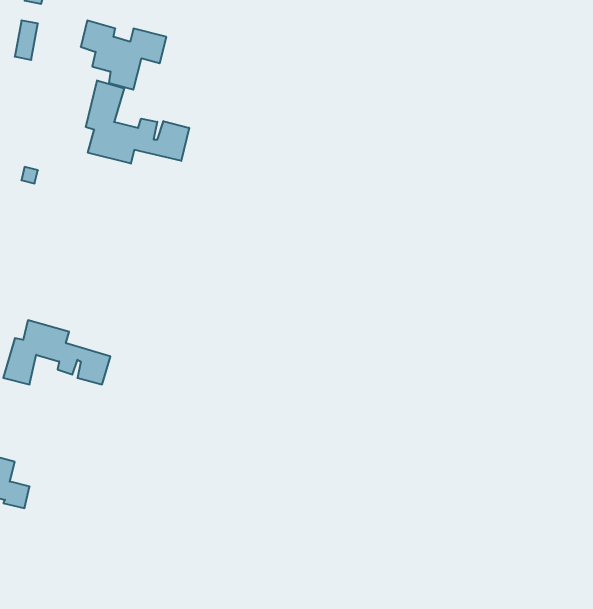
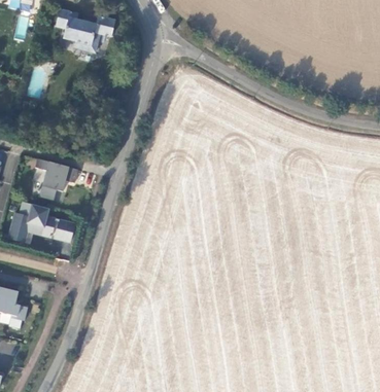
building: [86,80,189,164] -> none
building: none -> [35,157,77,200]

